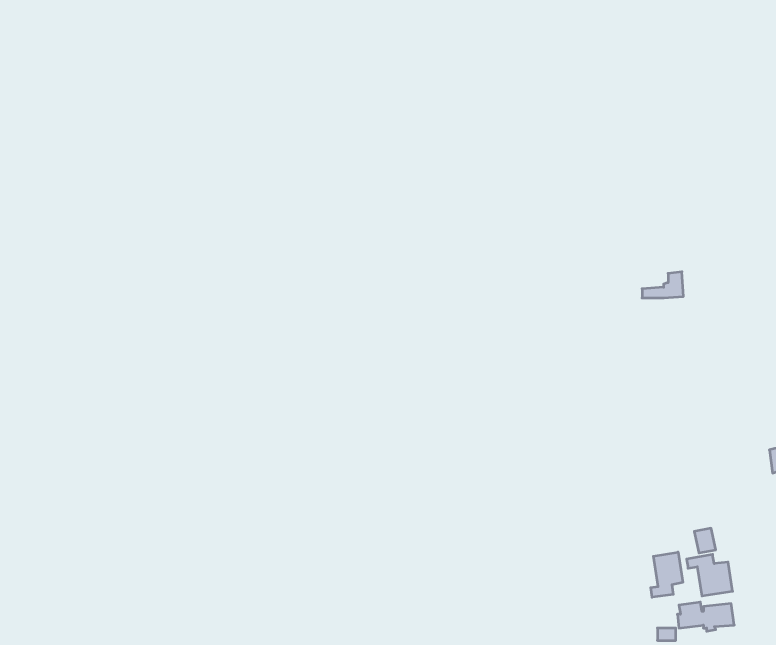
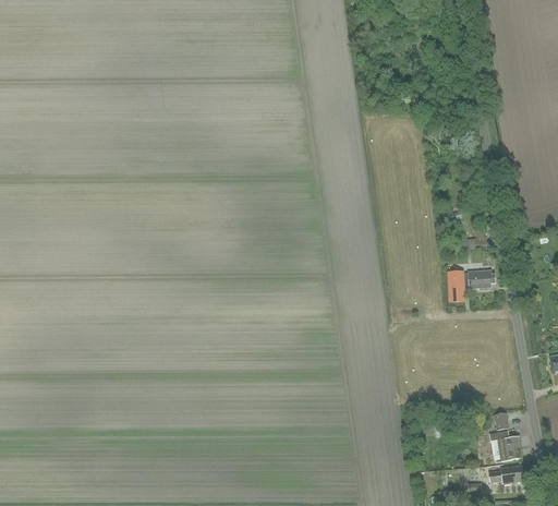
building: none -> [447,269,495,300]
building: [651,552,683,597] -> none

